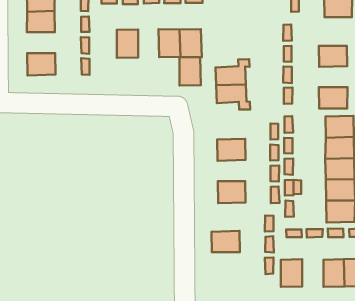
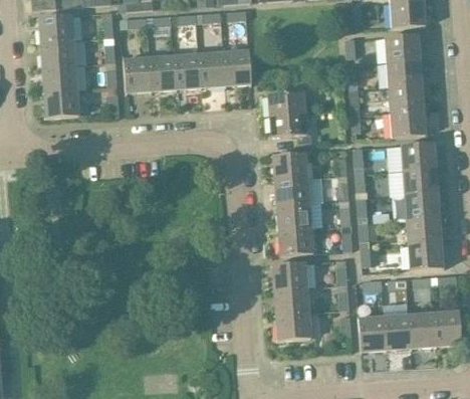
building: none -> [386,34,421,61]
building: none -> [122,57,150,92]
building: none -> [41,64,76,91]
building: [180,57,201,86] -> [173,53,200,88]
building: none -> [390,83,425,111]
building: none -> [273,152,307,180]
building: none -> [276,202,310,229]
building: none -> [272,261,307,289]
building: none -> [276,312,311,339]
building: none -> [384,315,411,348]

